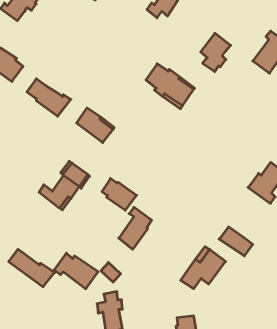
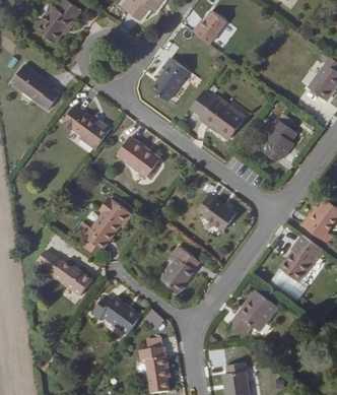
building: [201,33,231,72] -> [263,120,295,161]
building: none -> [151,58,190,102]
building: [102,178,137,210] -> [198,195,235,229]
building: none -> [281,233,325,279]
building: [9,249,55,287] -> [43,255,92,295]

